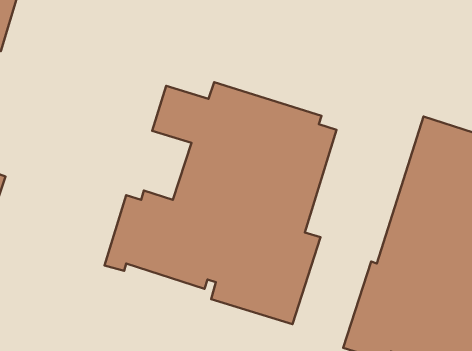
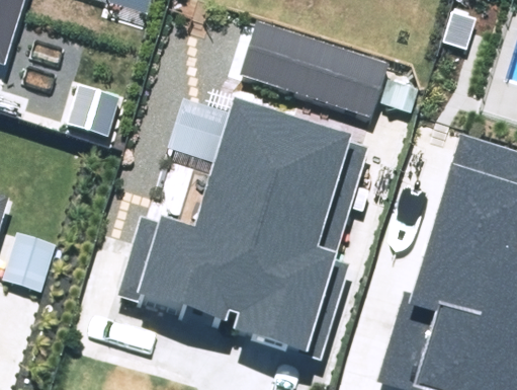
building: none -> [239,18,390,119]

